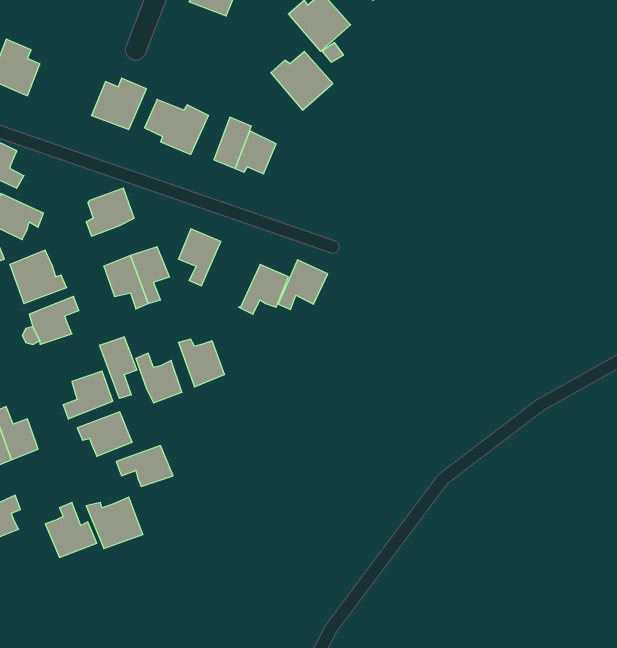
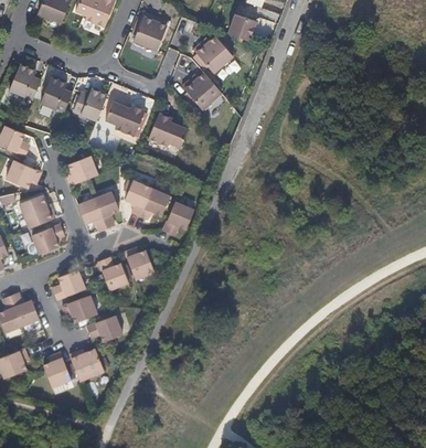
building: none -> [40,76,71,113]
building: [278,260,328,309] -> [140,190,171,221]
building: [100,337,137,398] -> none

